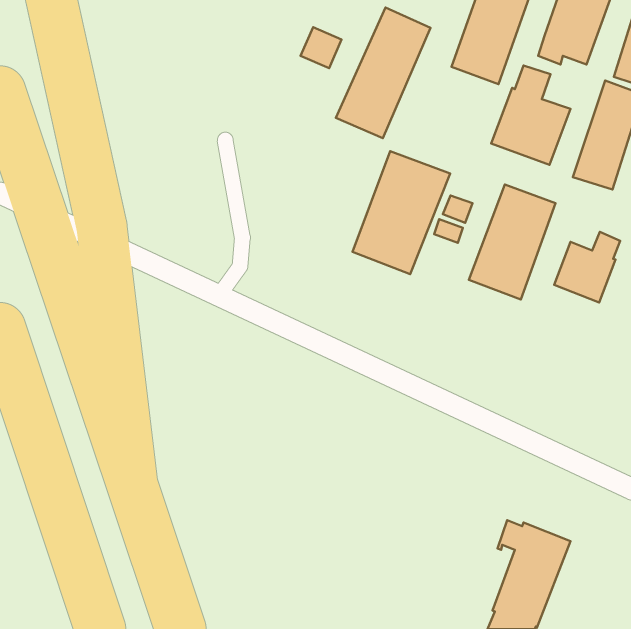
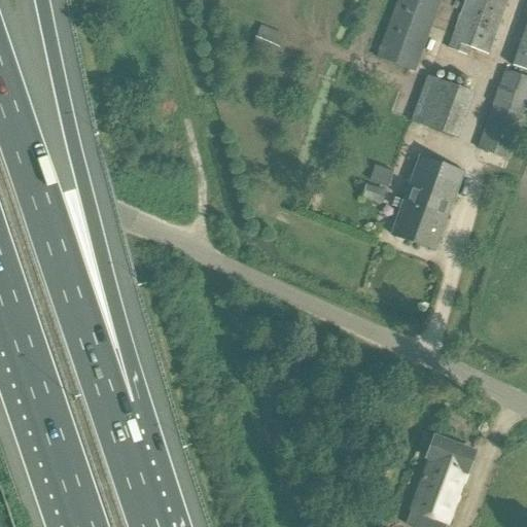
building: [336,7,431,138] -> none
building: [352,151,450,274] -> none
building: [554,232,620,302] -> none

